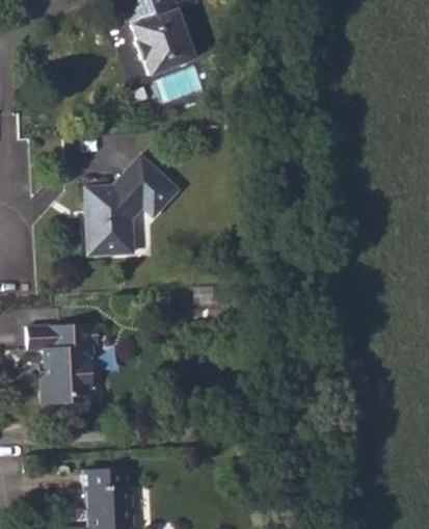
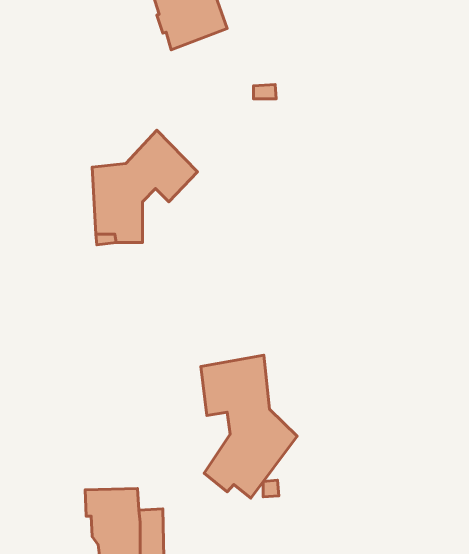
building: [26,324,95,403] -> none
building: none -> [201,355,297,498]

